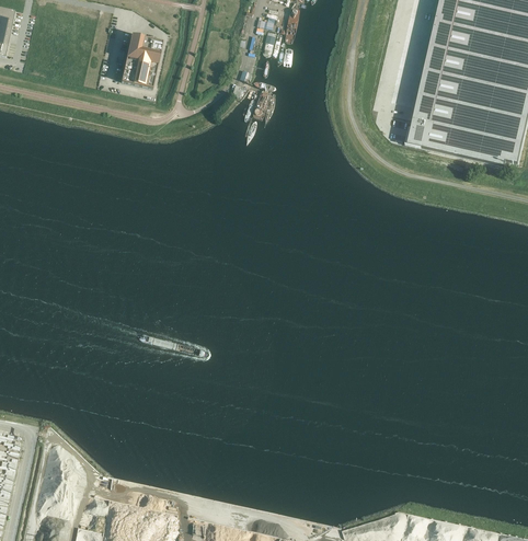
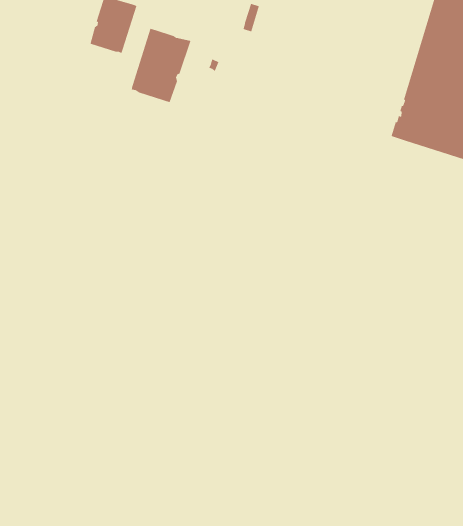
building: none -> [131,28,191,103]

